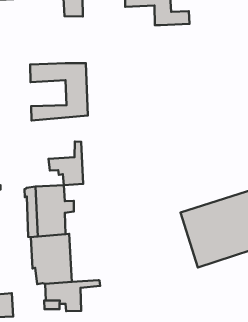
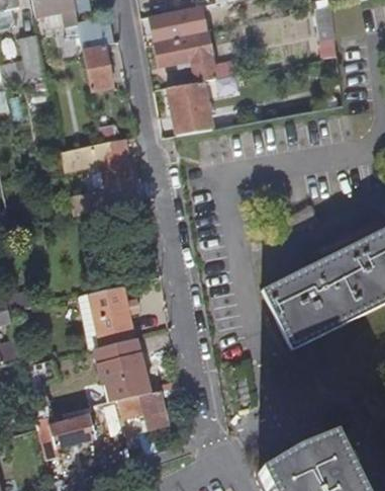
building: none -> [165,81,210,136]
building: [48,142,83,185] -> none

